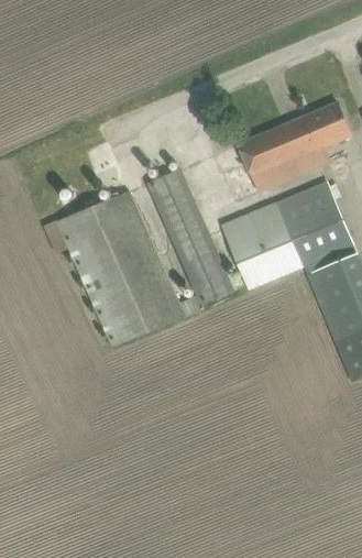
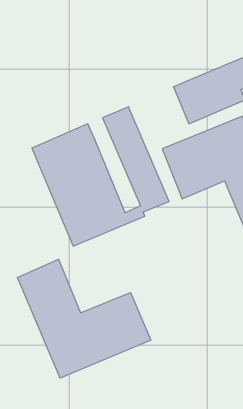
building: none -> [17,259,151,378]

